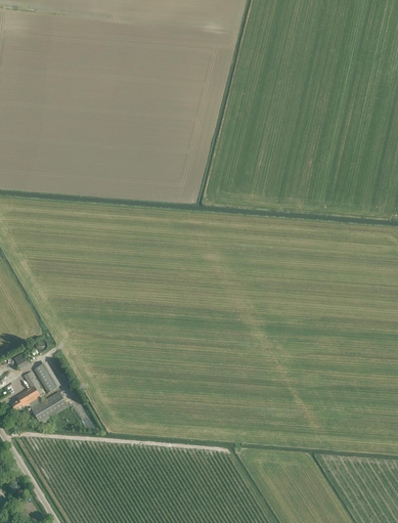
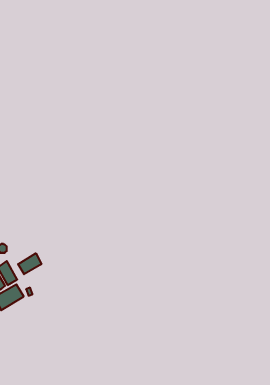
building: none -> [18,253,41,274]

